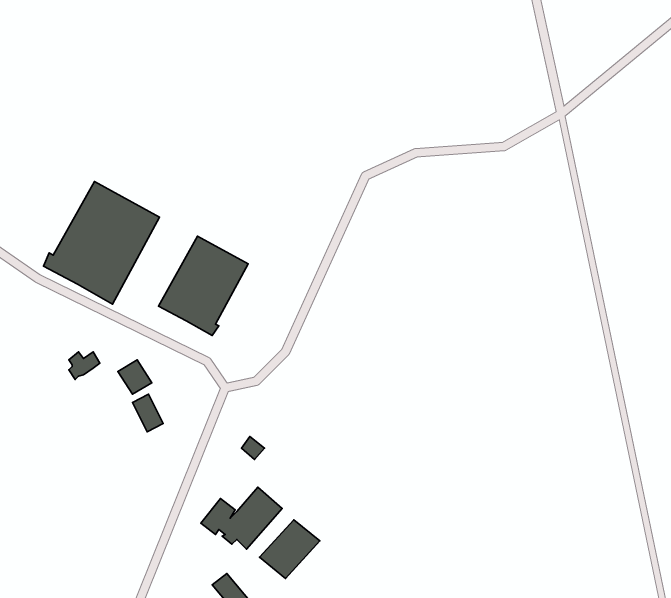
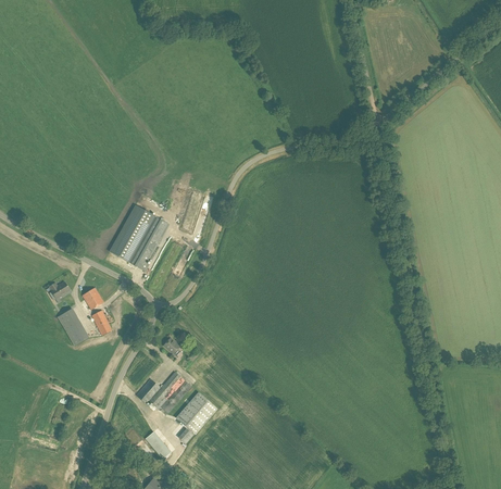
building: [43,181,159,304] -> none
building: none -> [58,309,89,346]

